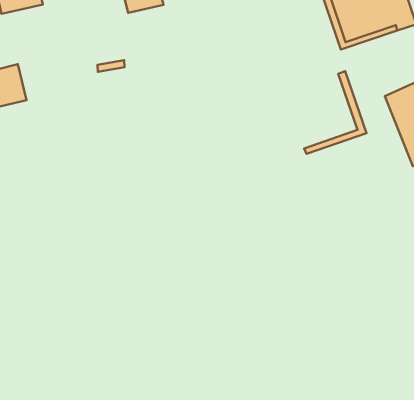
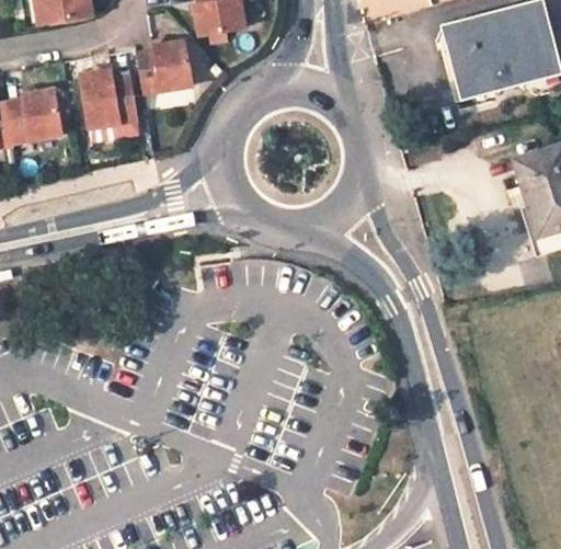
building: none -> [138,36,194,90]
building: none -> [80,66,139,124]
building: [304,71,366,154] -> none

